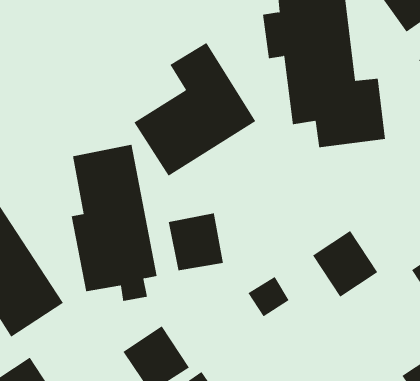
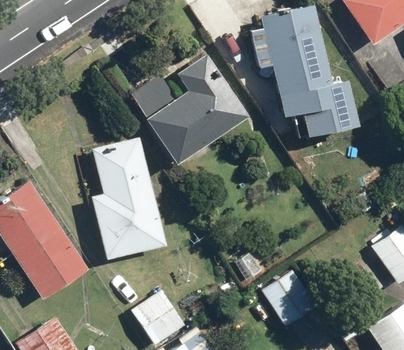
building: [168,213,224,271] -> none
building: [312,230,378,297] -> [264,270,319,326]

